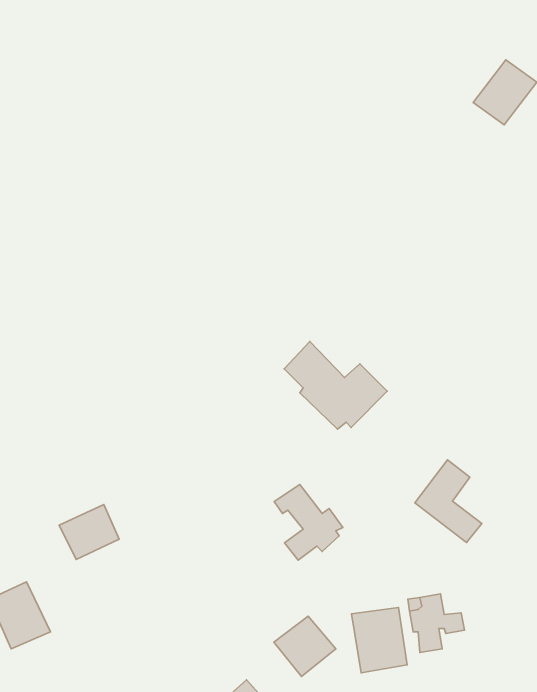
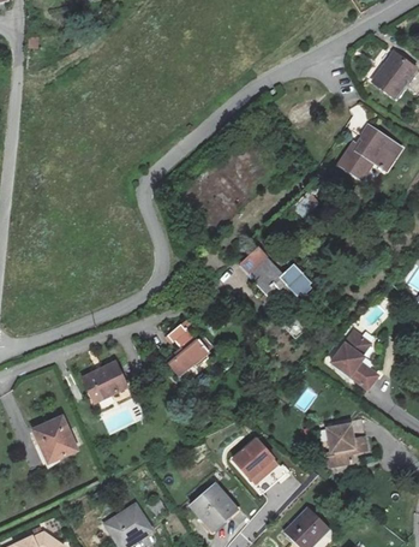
building: none -> [339,125,396,177]
building: [274,484,343,560] -> [164,322,213,375]
building: [351,607,407,673] -> none

